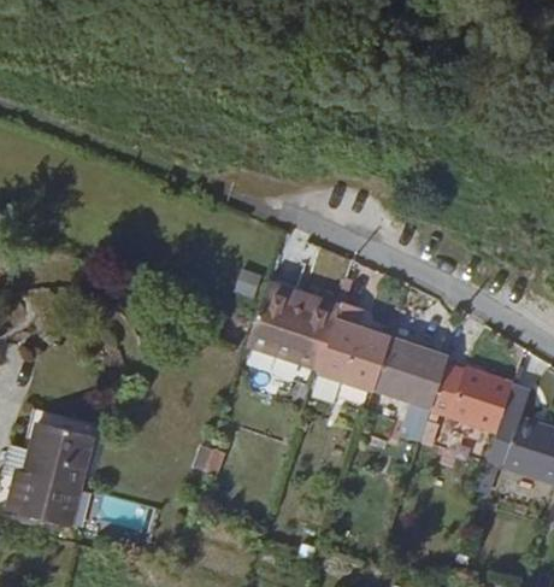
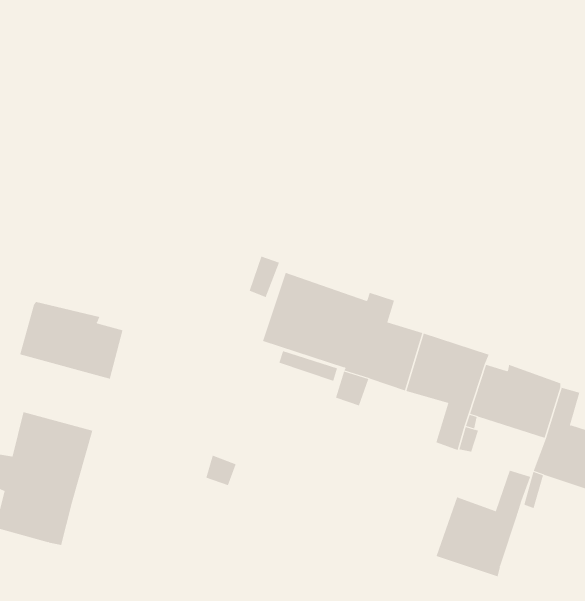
building: none -> [19,301,123,379]
building: none -> [436,470,531,577]

